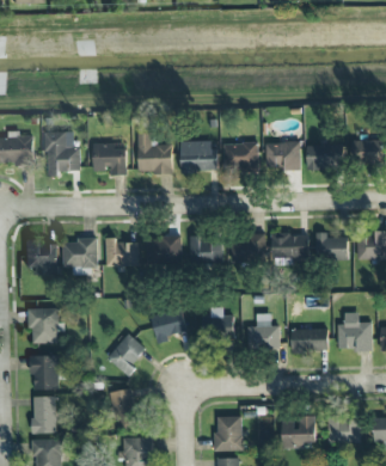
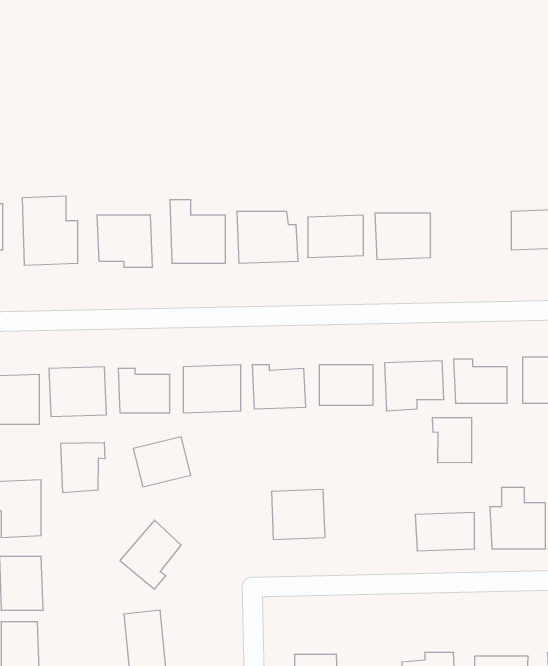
building: [307,145,343,167] -> none
building: none -> [433,417,471,463]
building: none -> [61,442,105,493]
building: [151,308,186,339] -> [133,437,191,487]
building: [246,313,280,349] -> none

